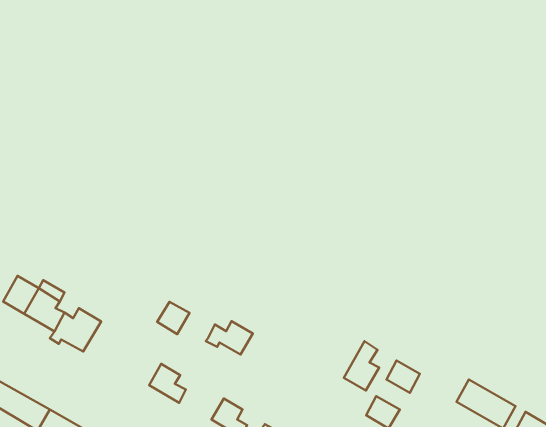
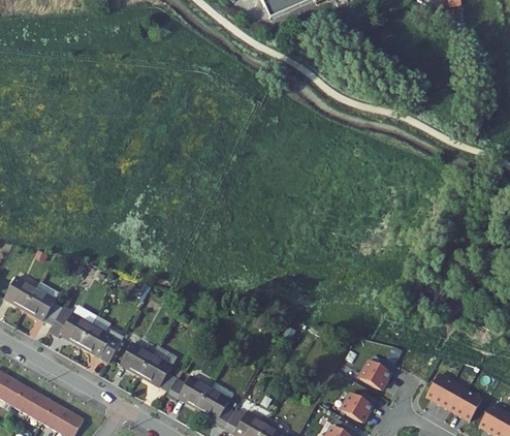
building: [157,302,189,334] -> [123,346,153,376]
building: [206,321,253,355] -> [167,377,211,408]
building: none -> [81,317,123,362]
building: [344,341,379,391] -> none

